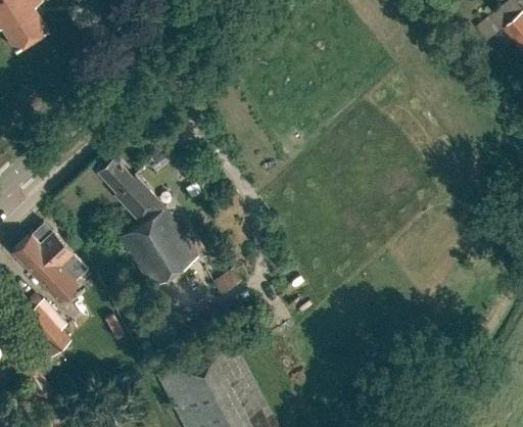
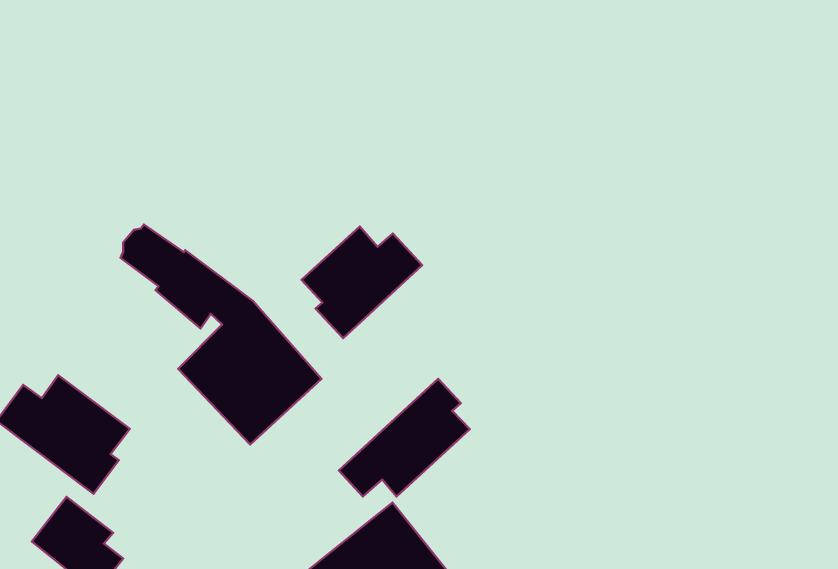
building: none -> [301,226,422,338]
building: none -> [339,379,470,497]

